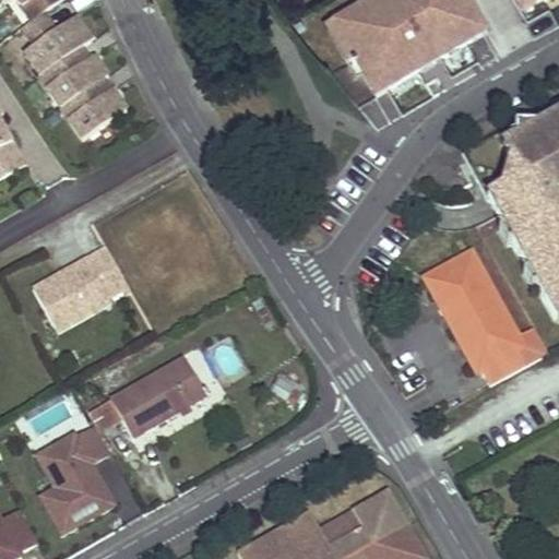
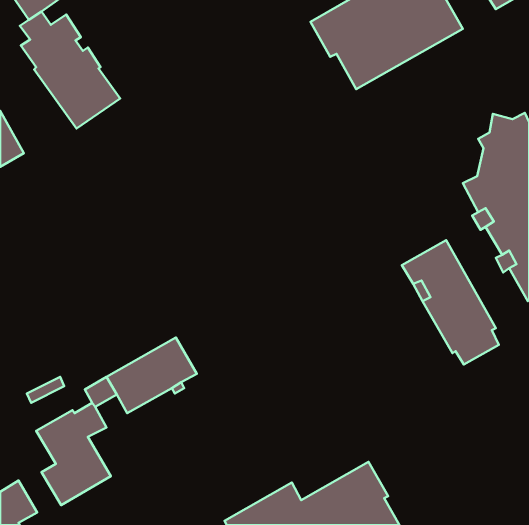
building: [33,248,128,333] -> none

